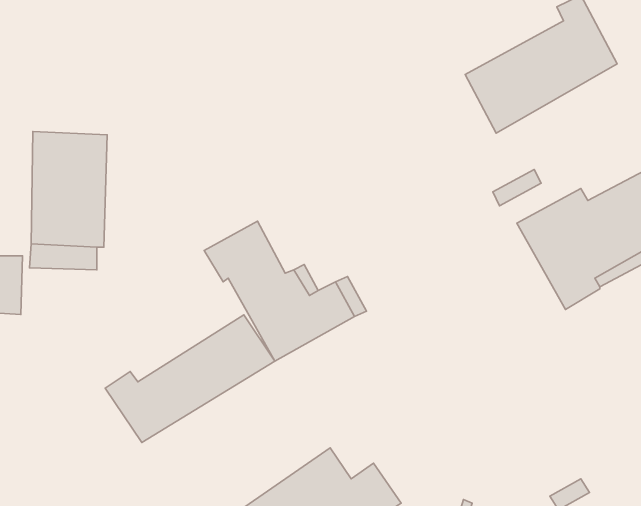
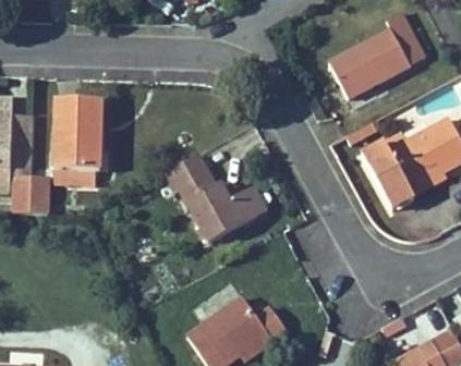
building: [105,315,275,443] -> none

